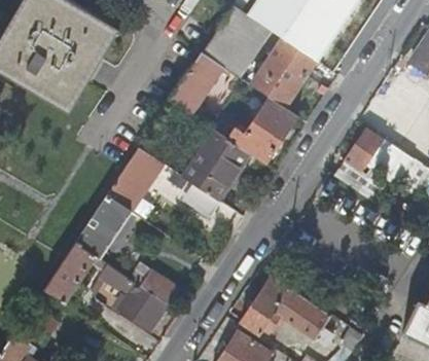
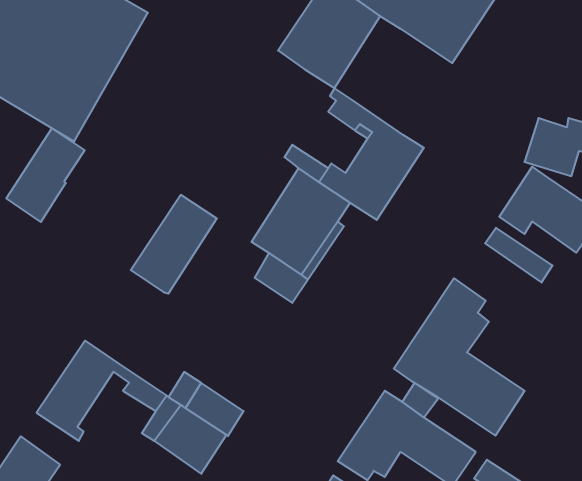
building: [251,38,316,108] -> none
building: [170,52,219,112] -> none
building: [75,196,127,258] -> [6,128,85,222]
building: none -> [394,278,525,436]

